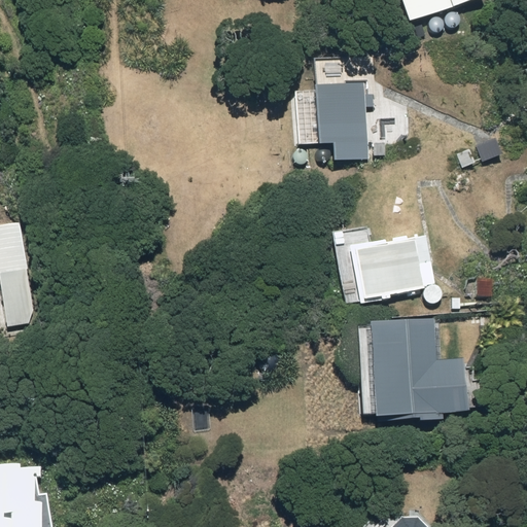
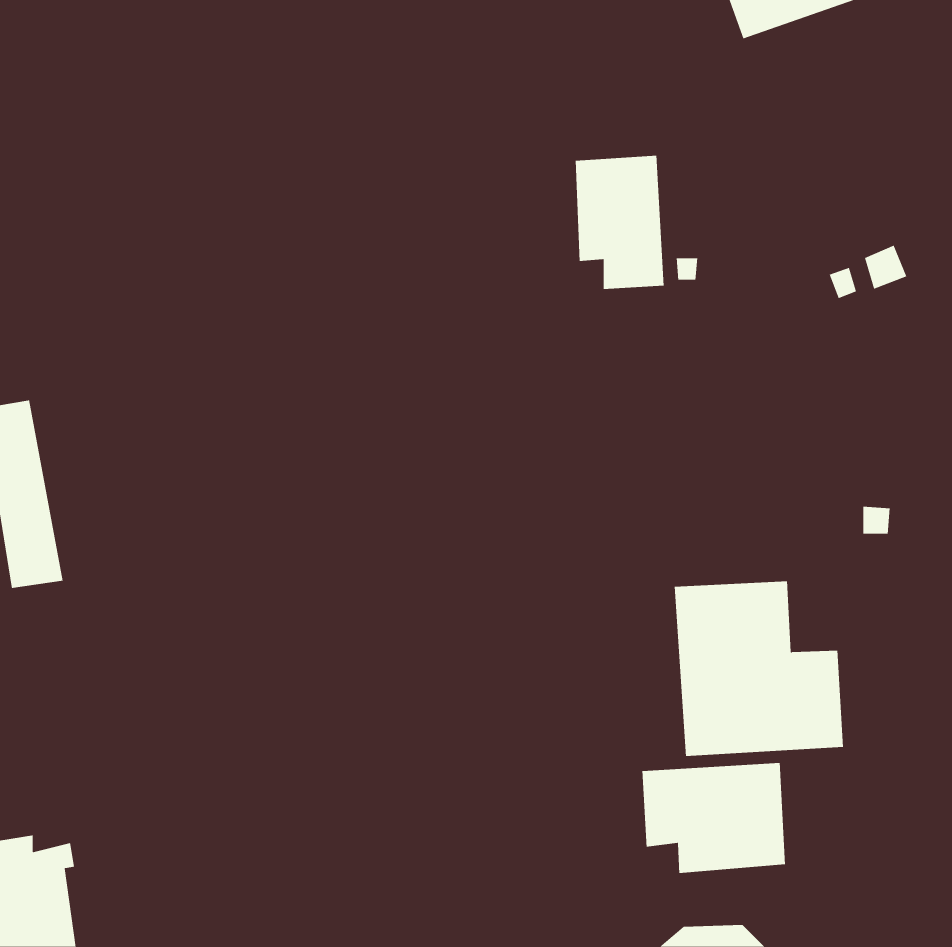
building: [356,236,433,300] -> none
building: none -> [642,762,785,874]

